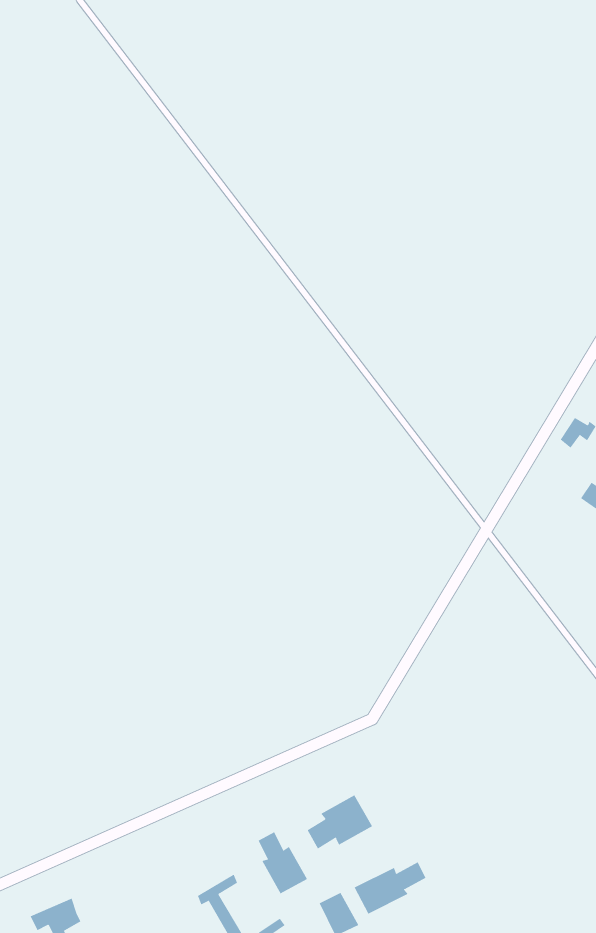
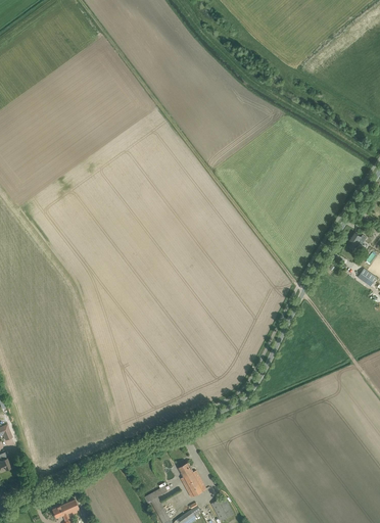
building: [307,795,373,849] -> none
building: [354,861,426,914] -> none

